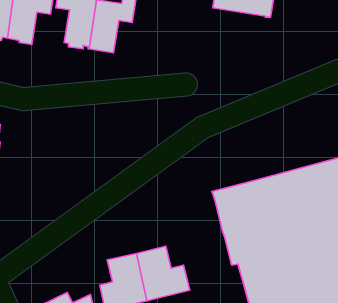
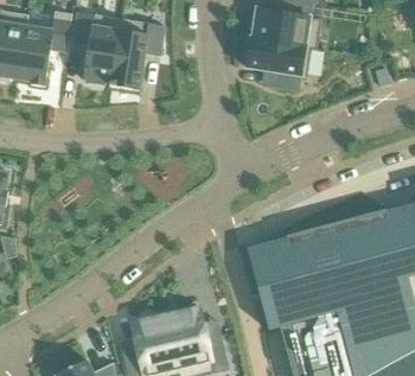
building: none -> [245,36,309,89]

